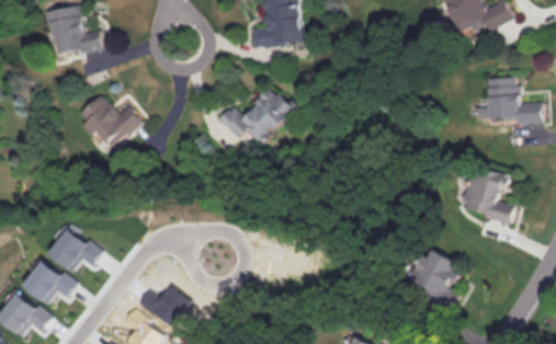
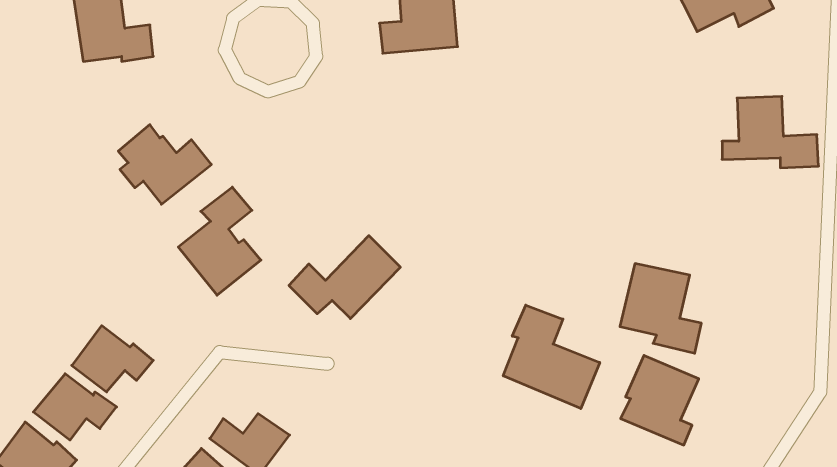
building: [218,87,292,141] -> [289,236,400,319]
building: none -> [178,187,261,295]
building: [462,165,515,225] -> [620,264,701,353]
building: none -> [503,305,600,409]

